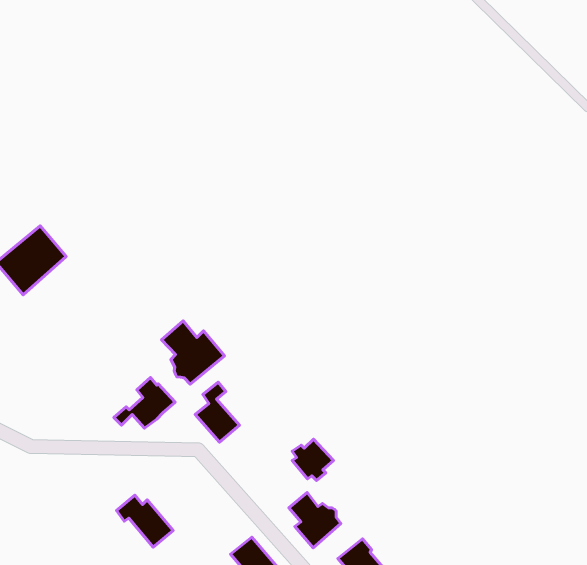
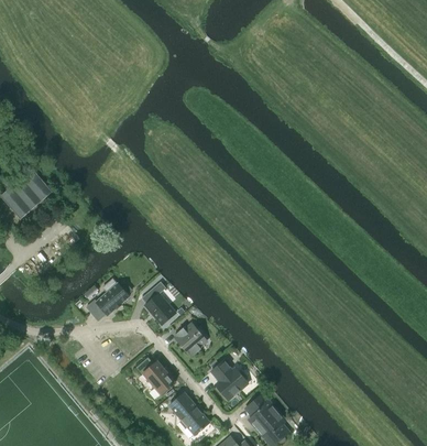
building: [162,321,225,384] -> none
building: [292,439,333,480] -> [177,325,207,355]
building: [116,495,173,547] -> [135,358,176,395]

